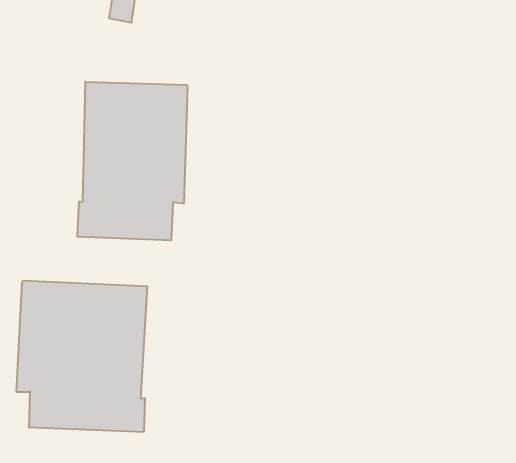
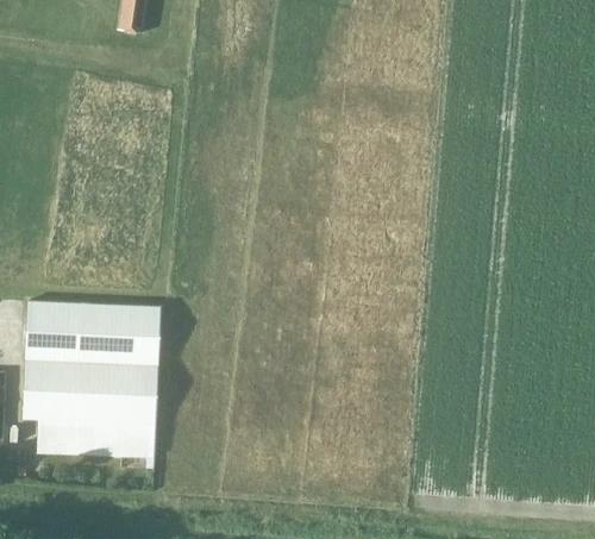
building: [77,82,187,241] -> none

